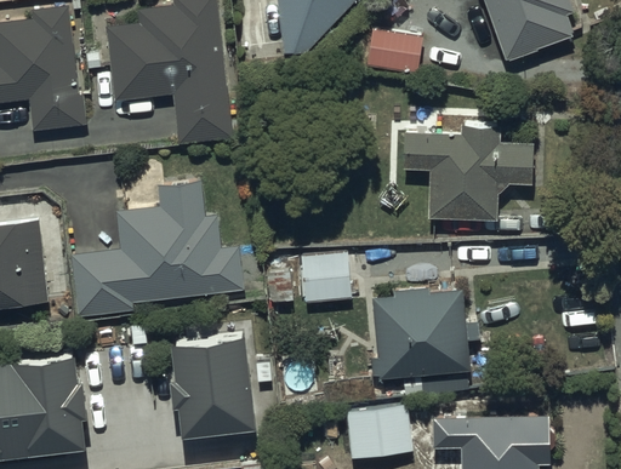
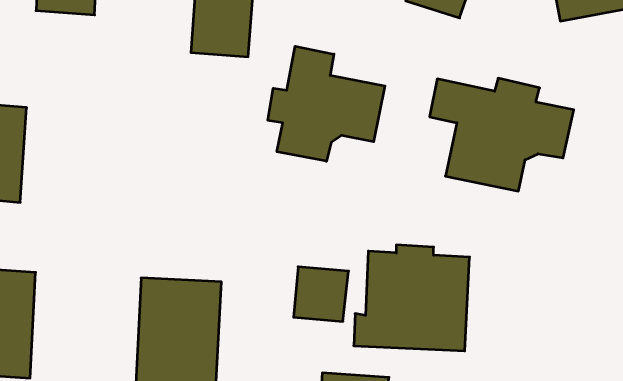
building: none -> [268,46,385,161]
building: [72,179,243,316] -> none
building: [301,253,349,303] -> [294,267,349,321]

